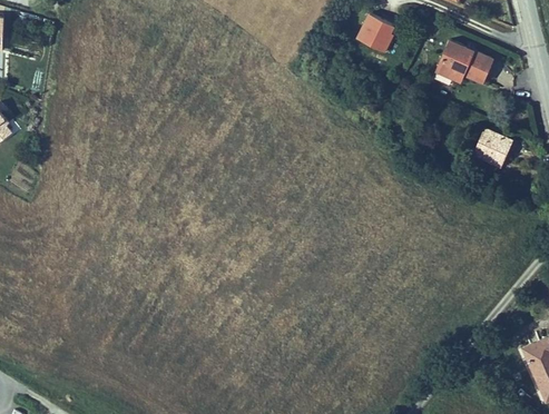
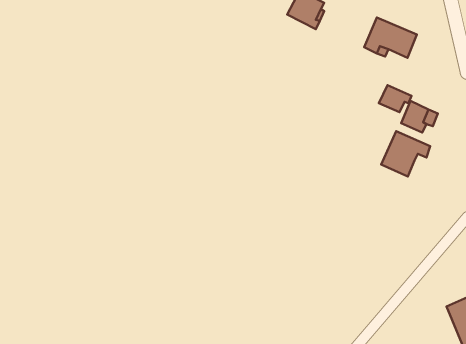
building: none -> [379,85,411,112]
building: none -> [381,131,430,177]

